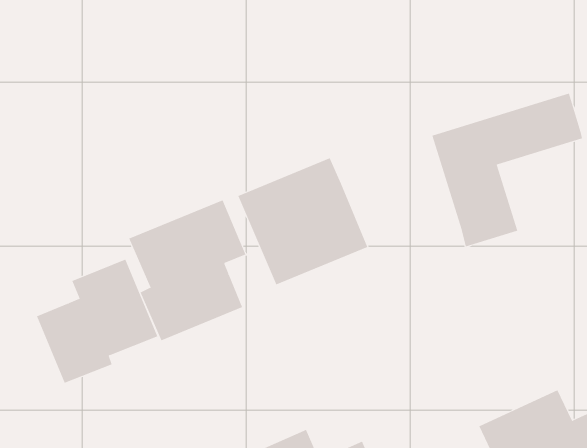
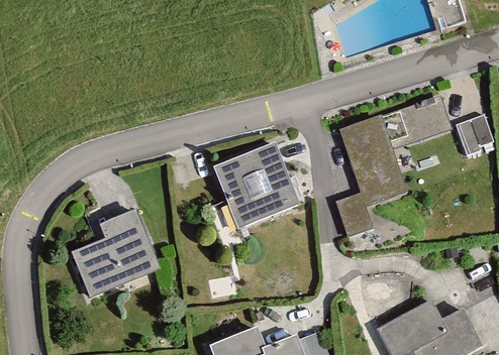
building: [129,200,246,341] -> none
building: none -> [335,194,372,236]

